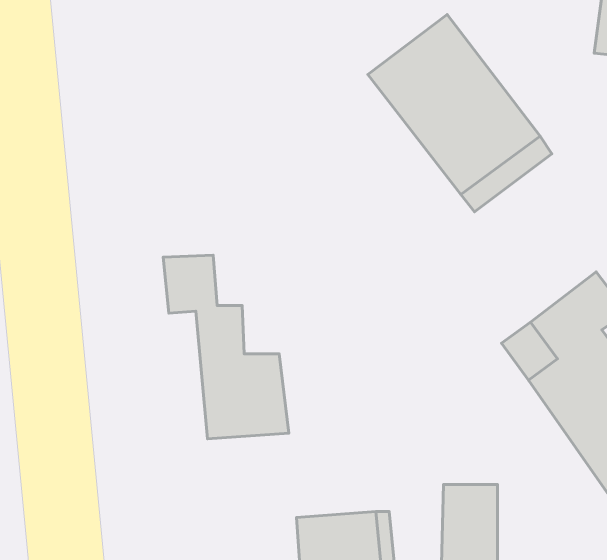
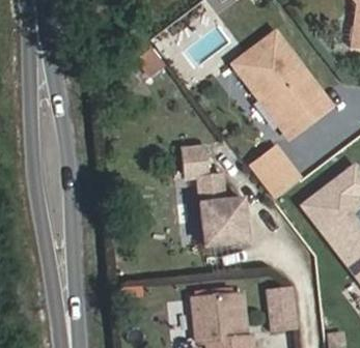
building: none -> [247,142,298,195]
building: [163,255,289,439] -> [182,148,249,247]

